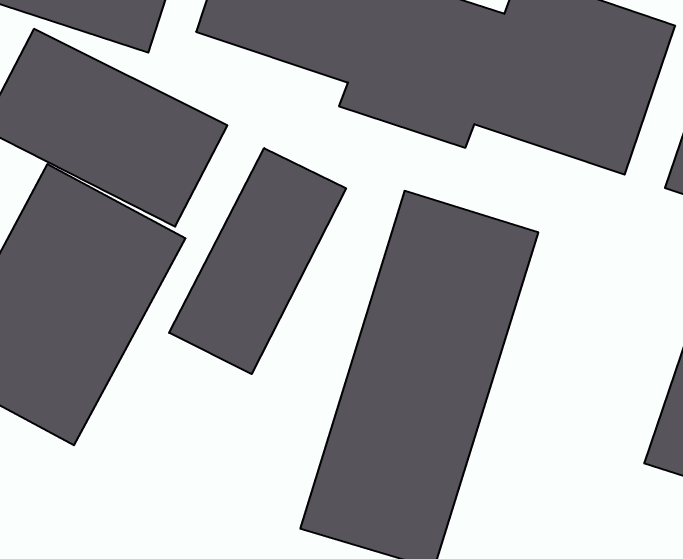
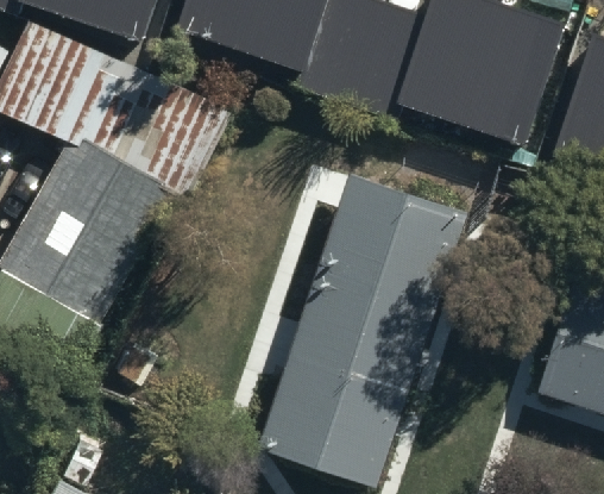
building: [169,148,346,374] -> none

